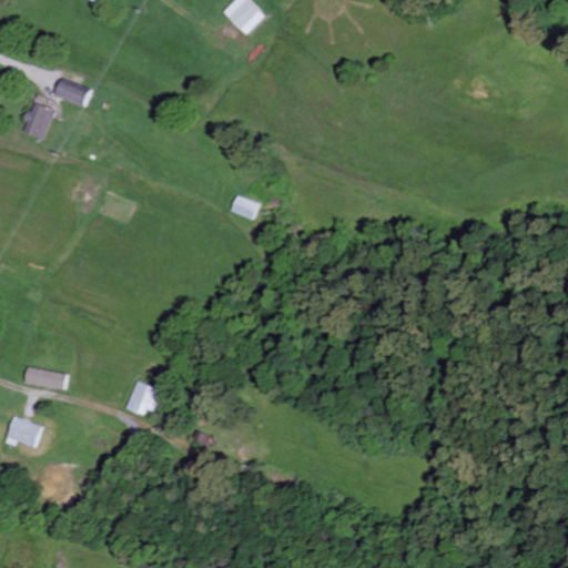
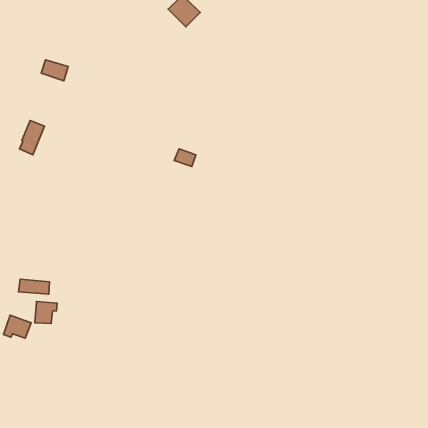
building: [22,94,55,140] -> [19,120,45,155]
building: [125,381,160,415] -> none
building: none -> [35,302,57,324]

